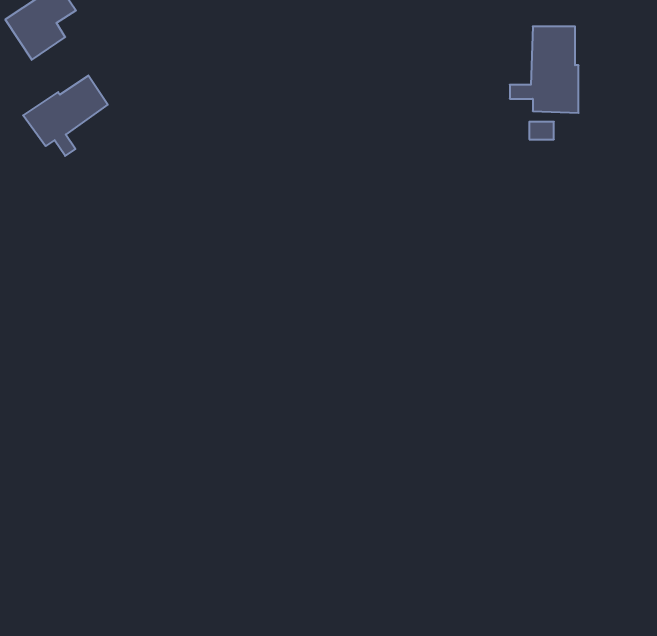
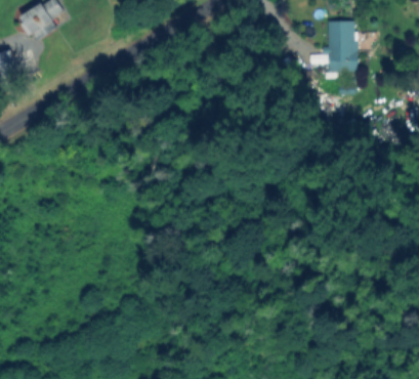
building: [23,75,108,156] -> none

